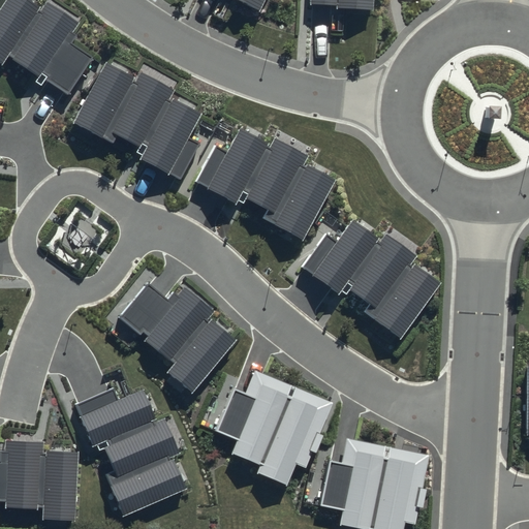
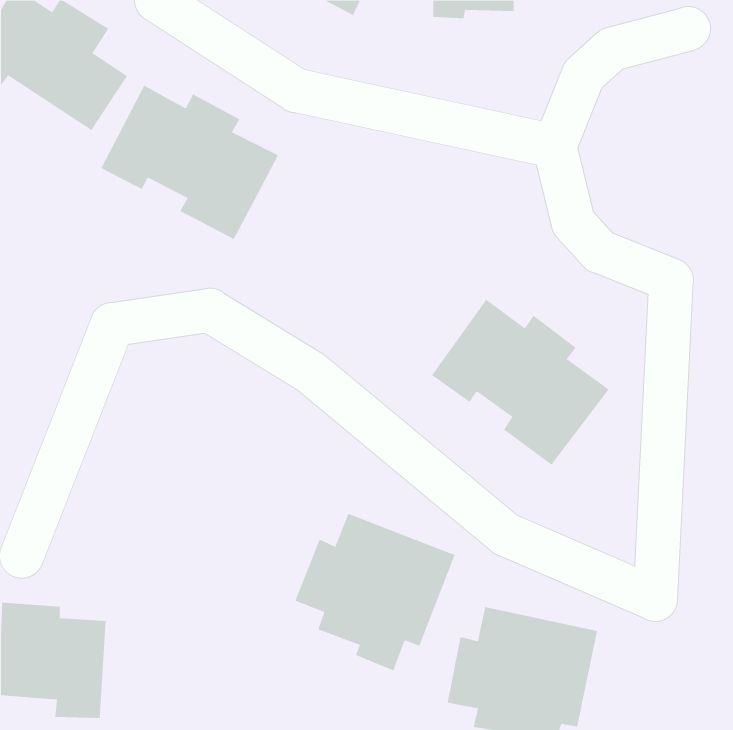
building: [207,129,335,241] -> none
building: [119,282,237,392] -> none
building: [81,388,187,516] -> none

